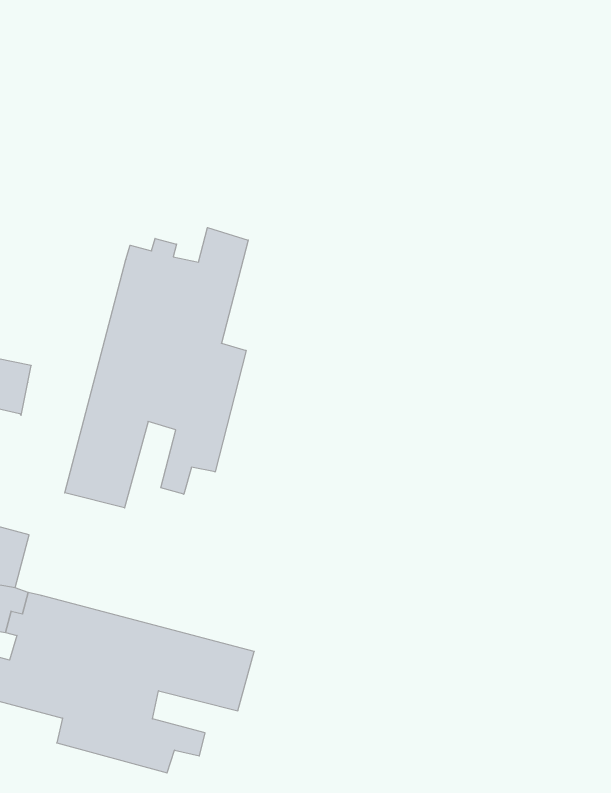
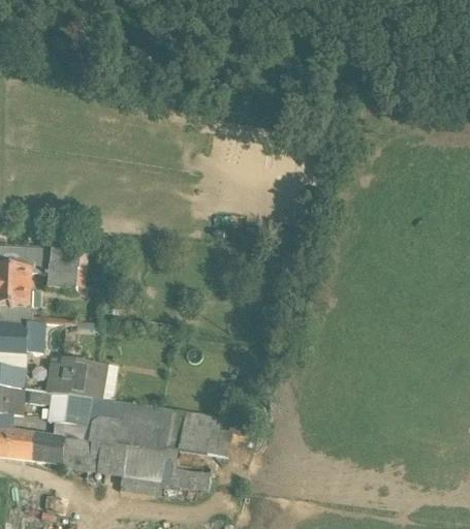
building: [65,228,248,508] -> none
building: none -> [84,363,105,399]

